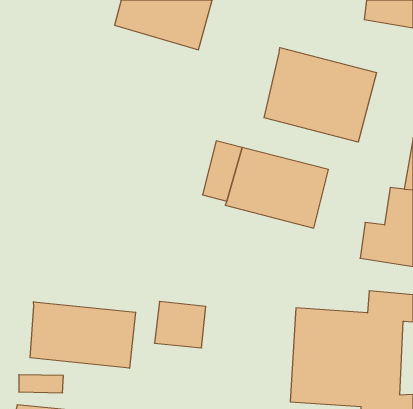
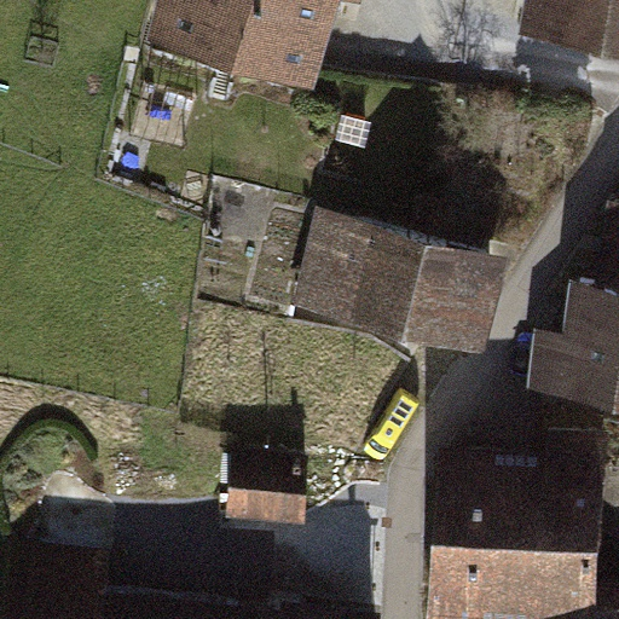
building: [264,48,376,142] -> none
building: [30,302,136,368] -> none

